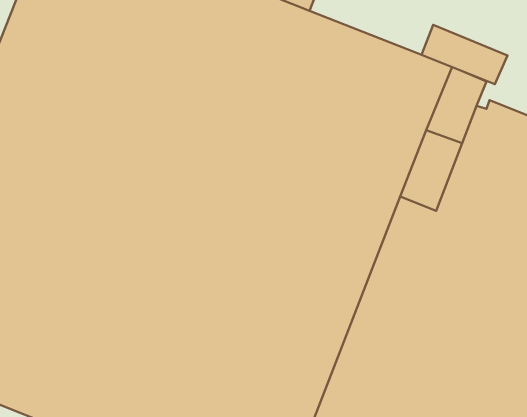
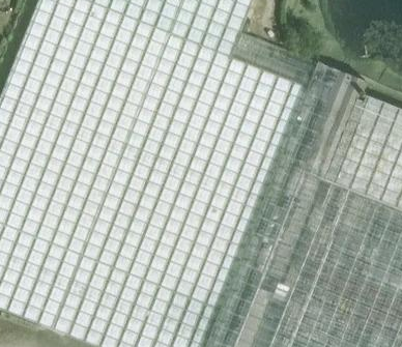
building: [422,25,507,84] -> none

